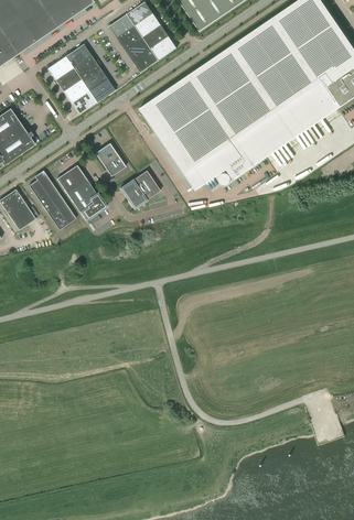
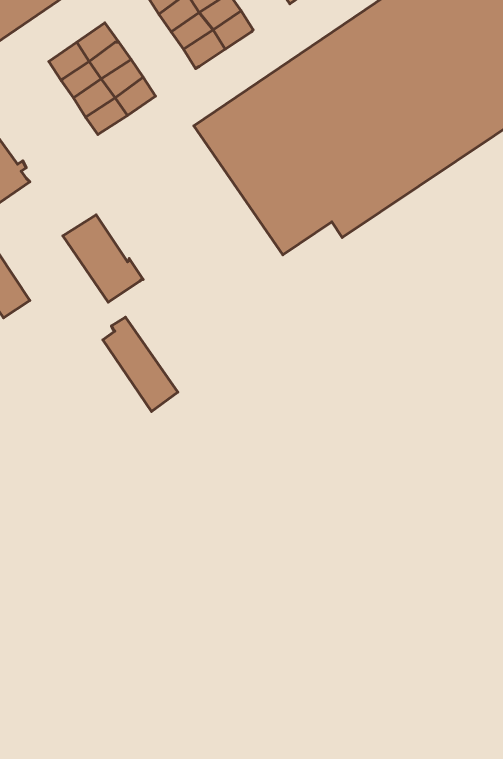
building: [95,142,126,175] -> none
building: [29,170,76,229] -> [103,317,178,411]
building: [119,170,160,208] -> none

